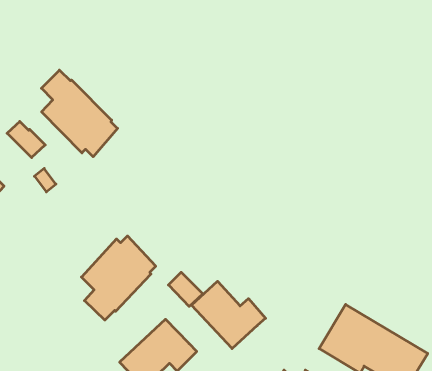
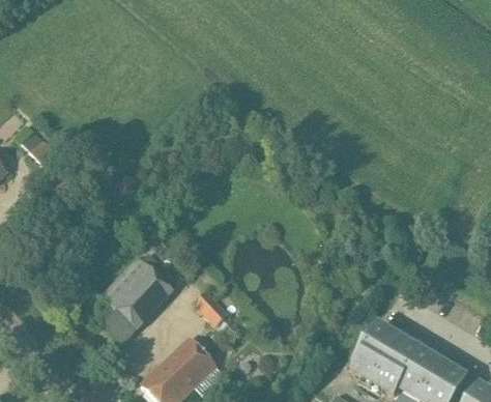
building: [41,70,118,157] -> none
building: [191,281,266,349] -> none

